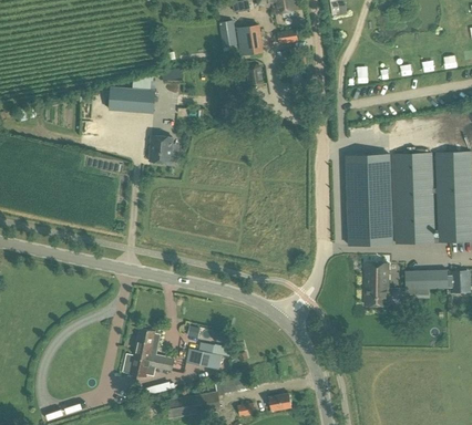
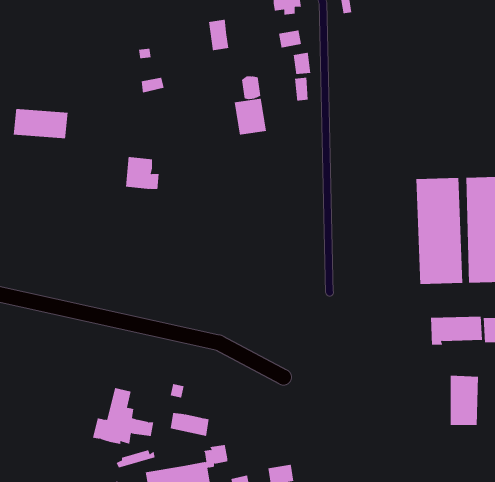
building: [236,24,264,55] -> [234,98,267,135]
building: [109,87,155,113] -> [13,108,68,139]
building: [345,154,391,245] -> none
building: [365,262,389,304] -> [450,375,479,425]

